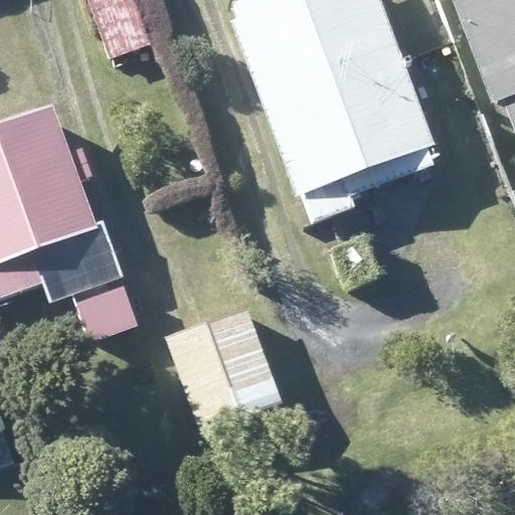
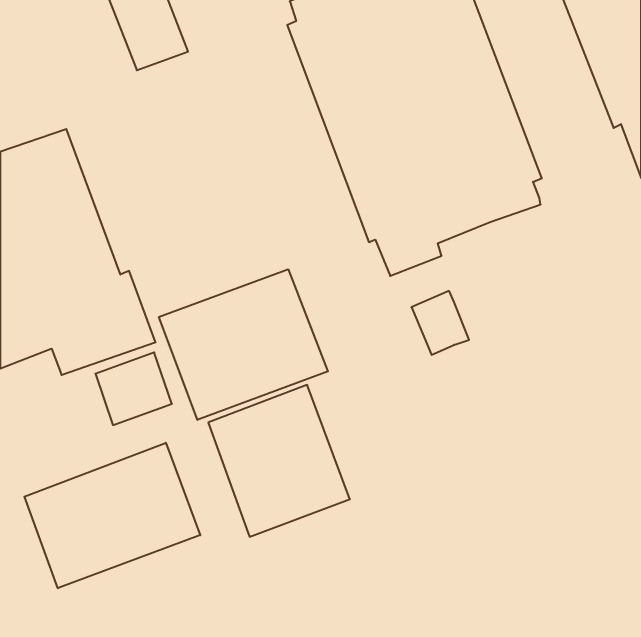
building: none -> [159,269,328,420]
building: none -> [24,443,200,588]

